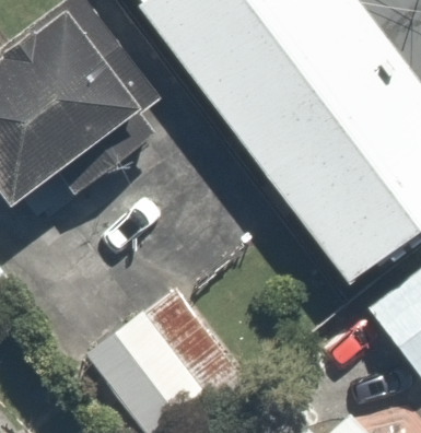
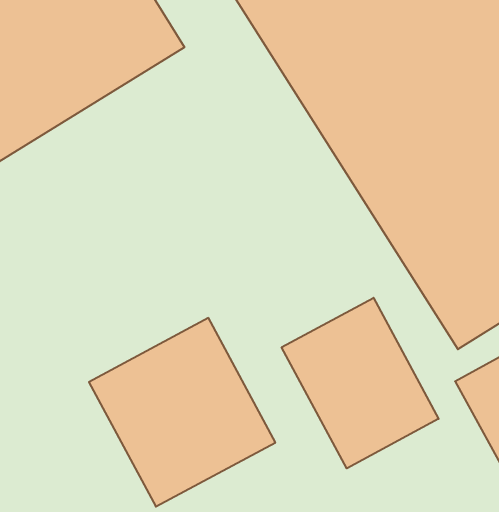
building: none -> [282,298,439,468]

